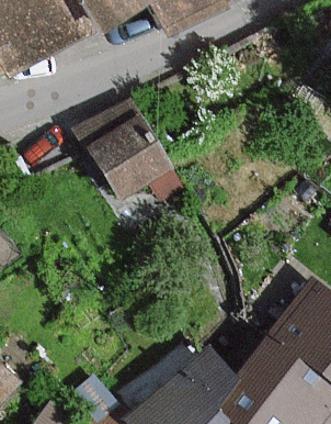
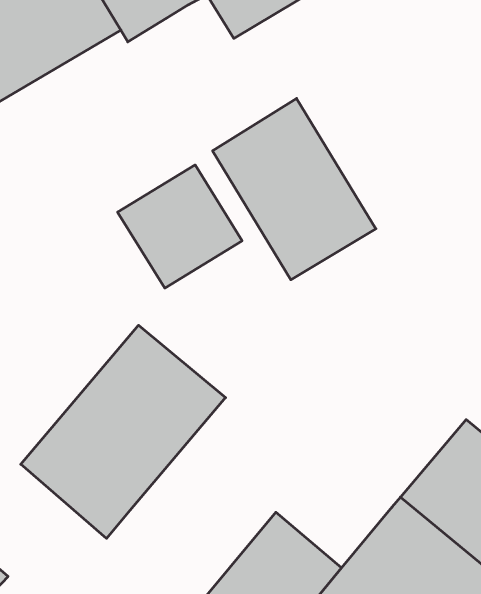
building: none -> [213,98,376,280]
building: none -> [21,325,226,538]

